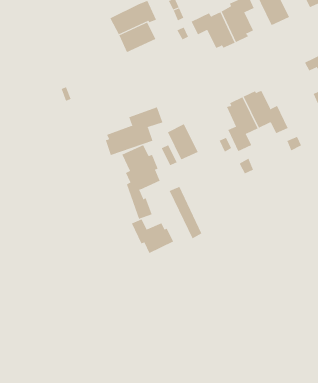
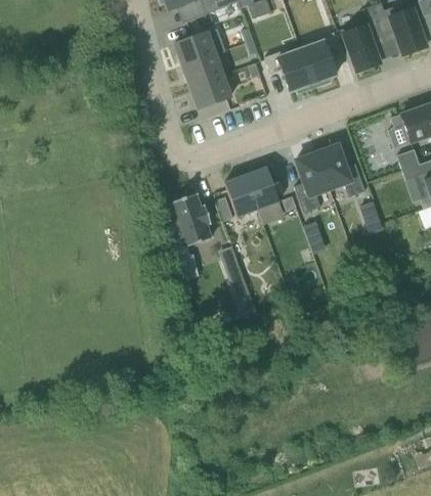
building: none -> [187,74,231,107]
building: [105,106,163,156] -> none
building: none -> [246,167,279,209]
building: [131,218,174,254] -> none

